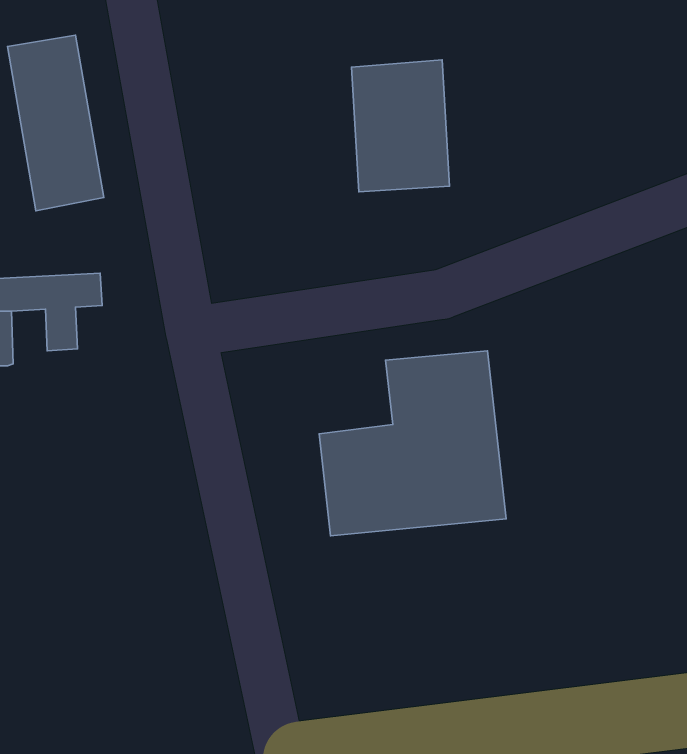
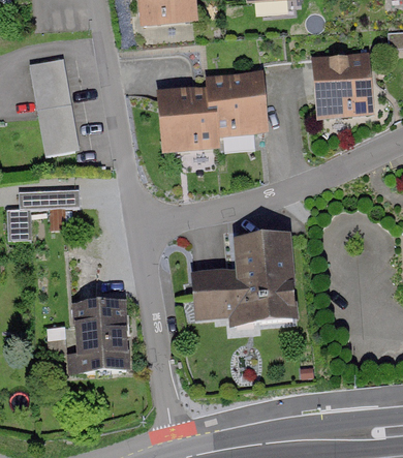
building: none -> [311,55,375,111]
building: none -> [163,81,218,152]
building: none -> [72,299,127,375]

